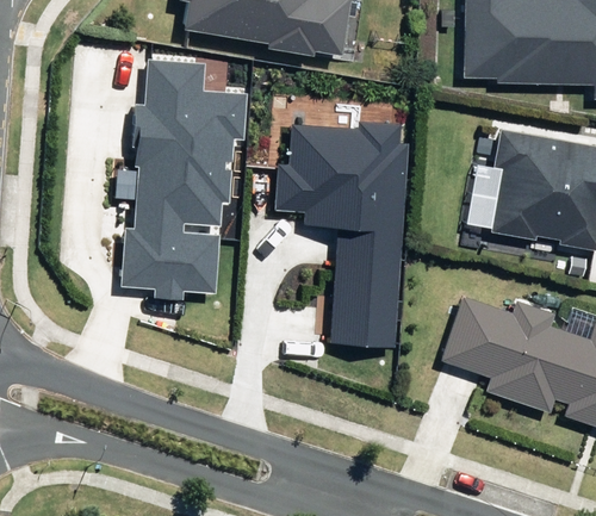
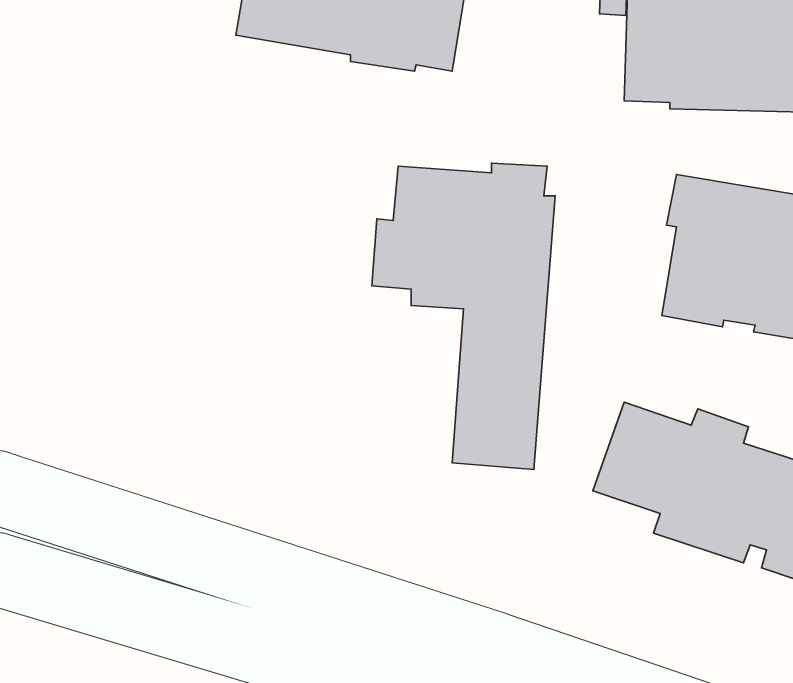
building: [124,60,250,299] -> none

